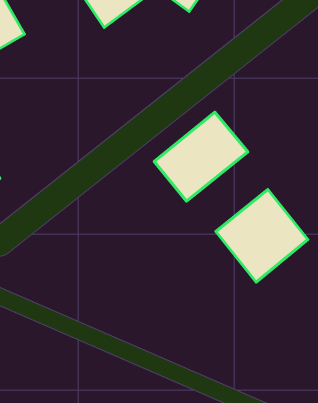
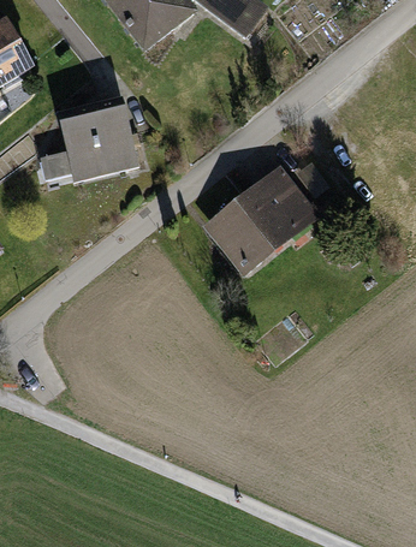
building: none -> [41,96,139,180]
building: [216,190,308,282] -> none

